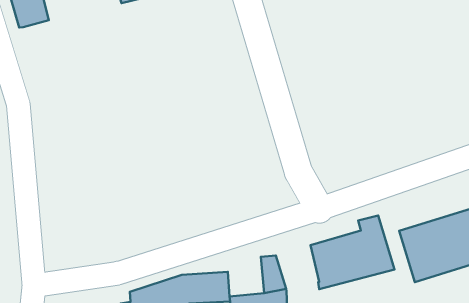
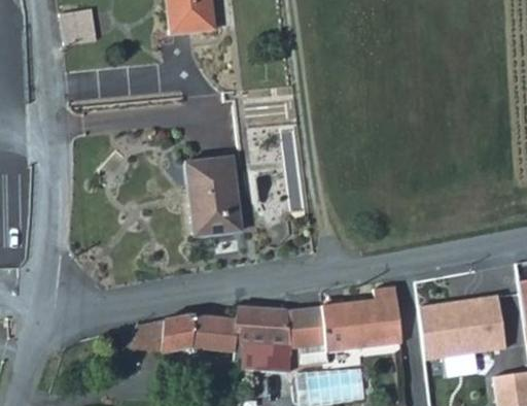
building: none -> [187,159,244,237]
building: none -> [288,306,327,348]
building: none -> [236,308,273,347]

